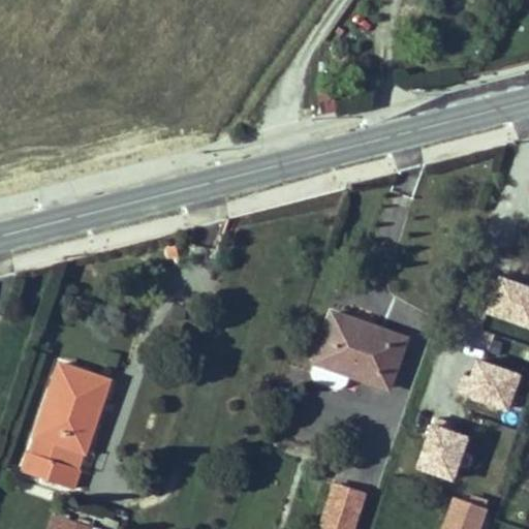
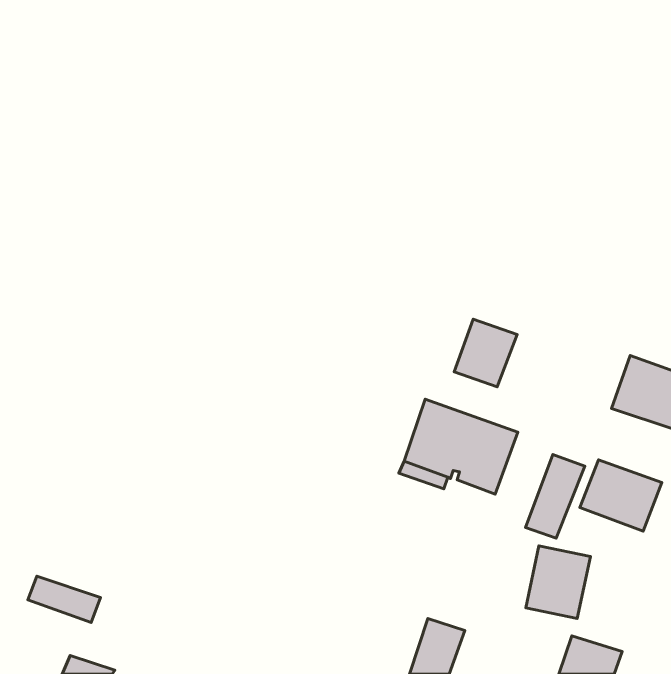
building: none -> [454,319,517,387]
building: none -> [525,454,585,538]
building: [38,362,111,449] -> none

